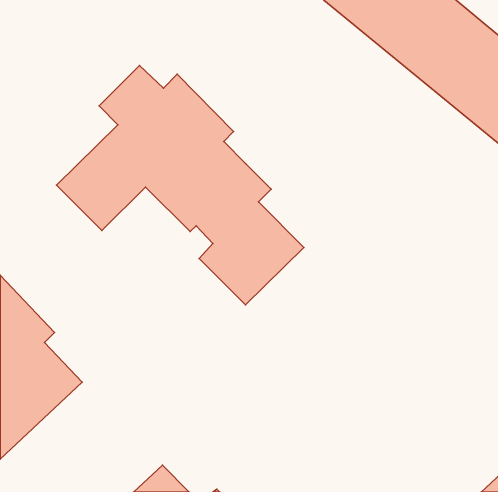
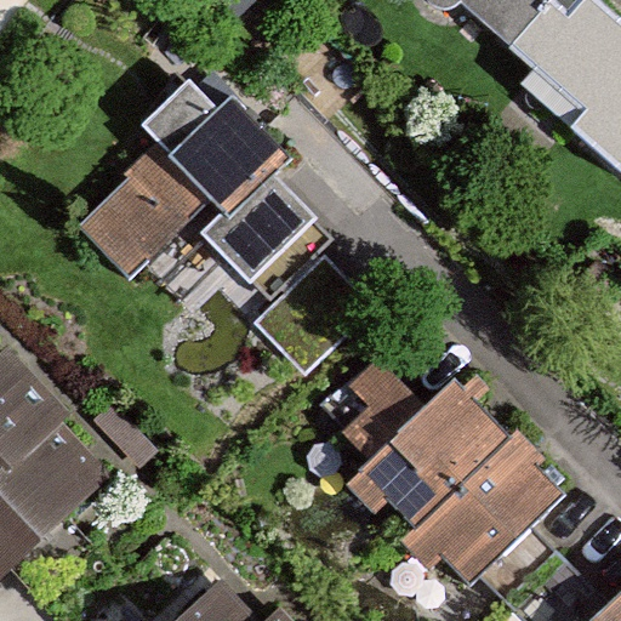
building: none -> [318,359,563,583]

